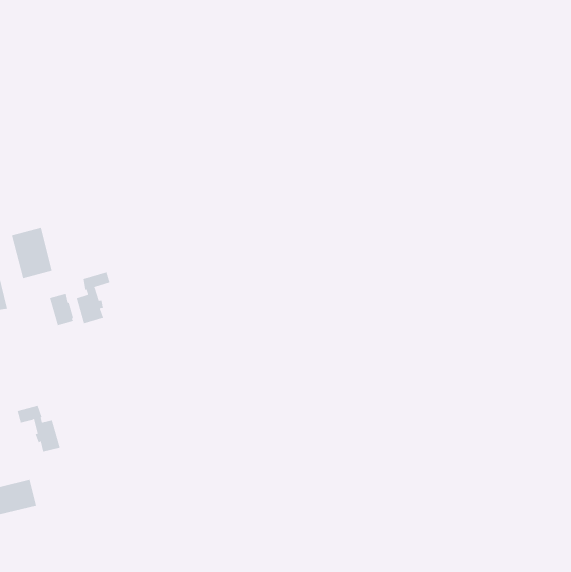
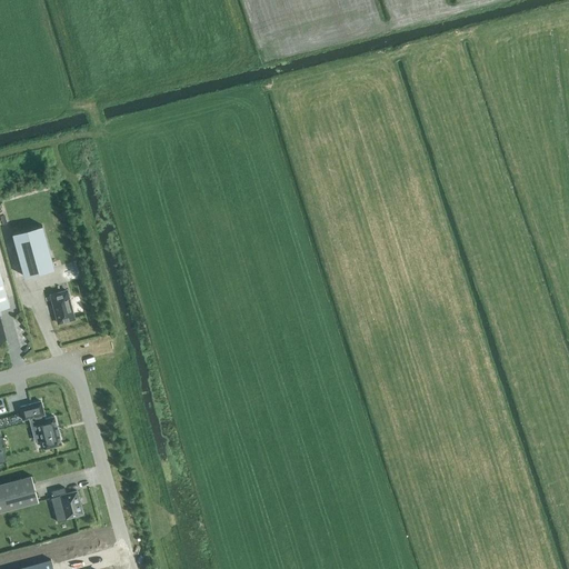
building: [76,271,110,324] -> none
building: none -> [50,488,81,519]

